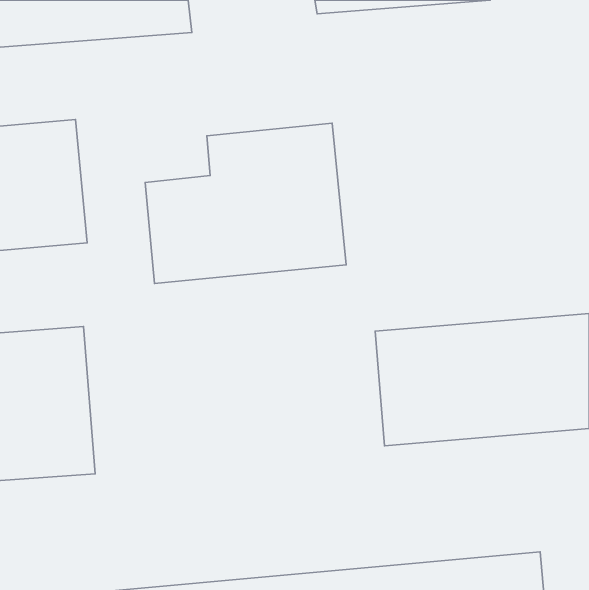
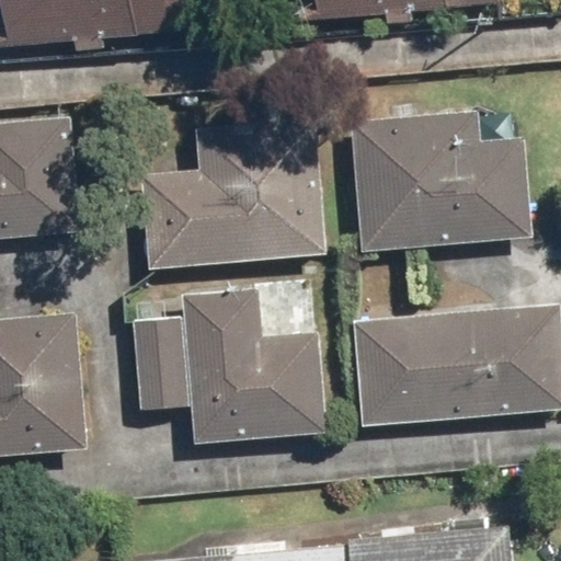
building: none -> [347,112,533,255]
building: none -> [131,285,325,444]

